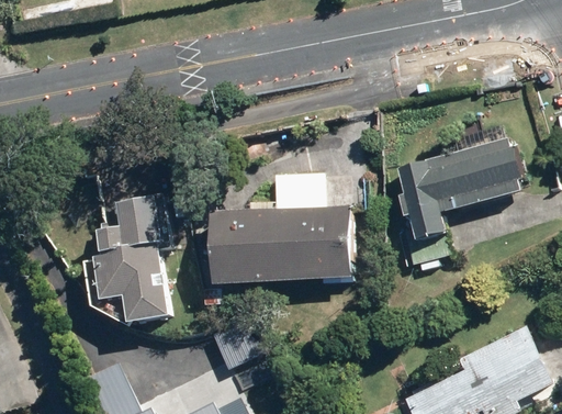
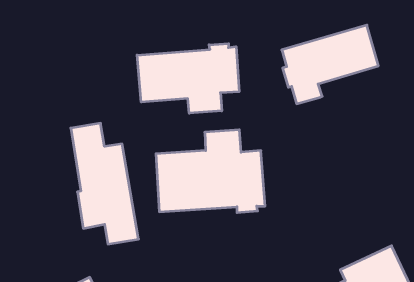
building: none -> [137,44,239,113]
building: [386,135,515,239] -> [282,25,378,104]

